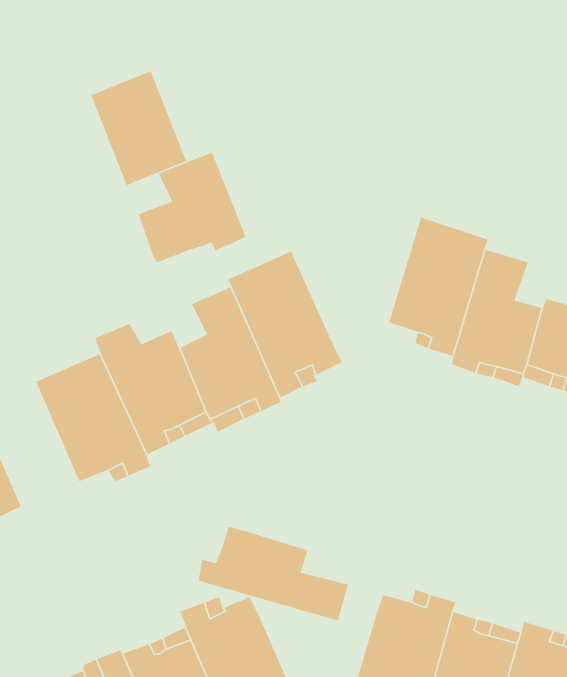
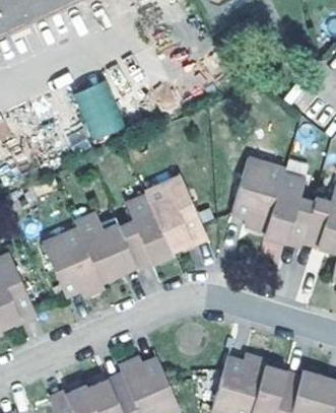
building: [138,151,246,264] -> none
building: [198,526,349,621] -> none

